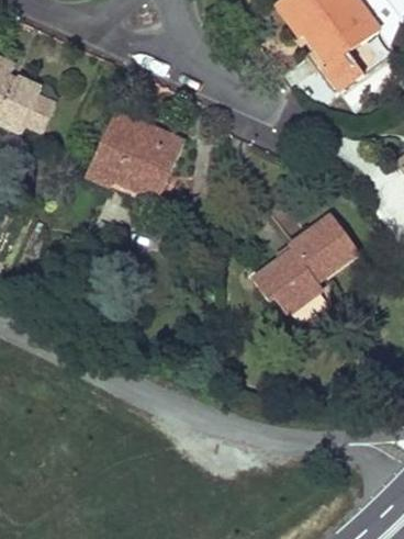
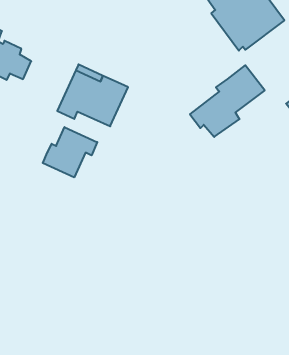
building: none -> [43,127,97,177]
building: [255,215,356,312] -> [190,65,265,137]

